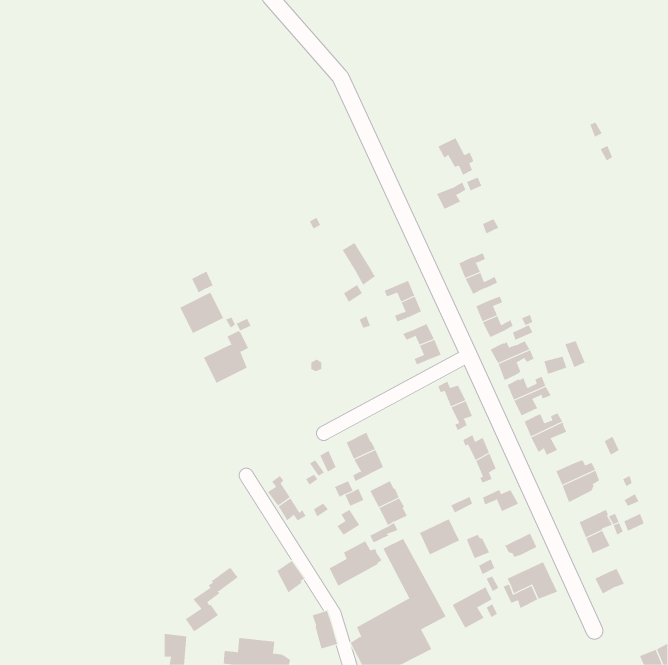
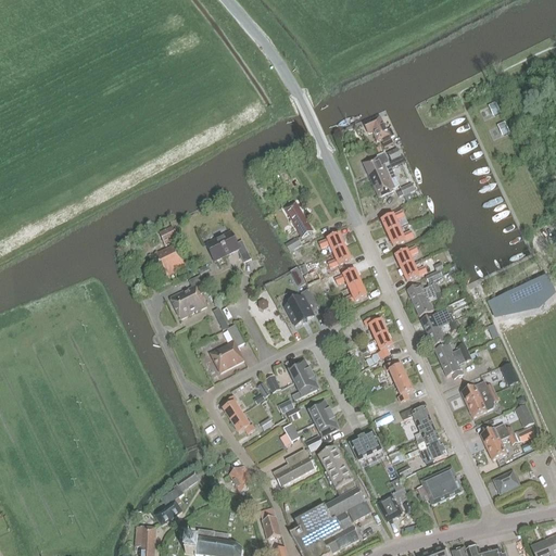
building: none -> [368,157,399,195]
building: none -> [206,229,251,261]
building: none -> [490,279,549,315]
building: none -> [285,288,317,324]
building: none -> [210,324,243,371]
building: none -> [414,418,440,452]

